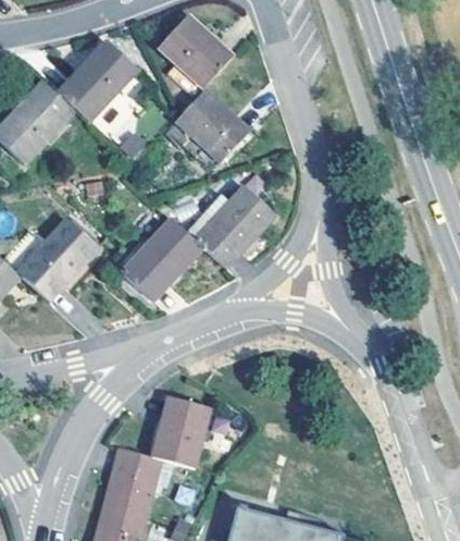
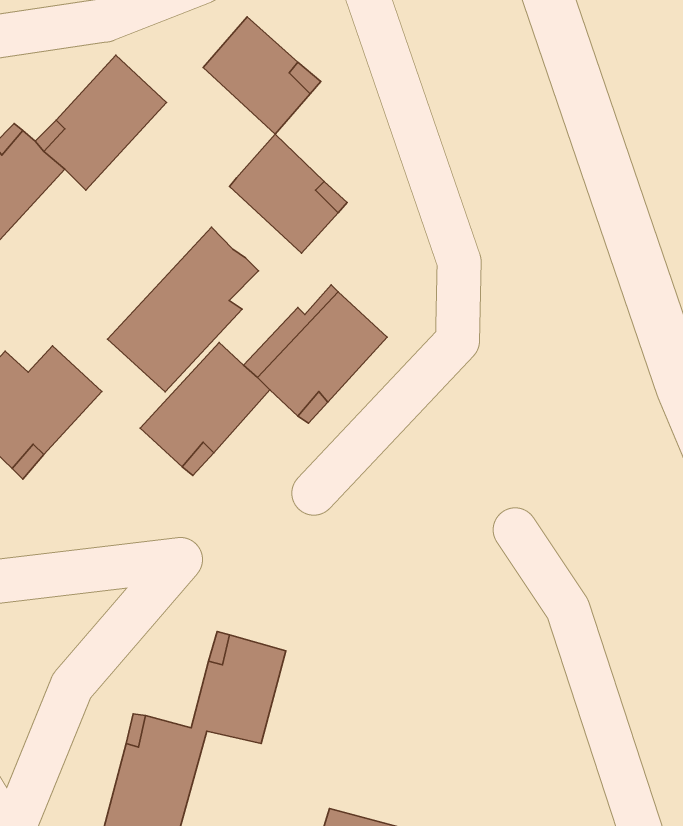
building: none -> [107,227,258,392]

